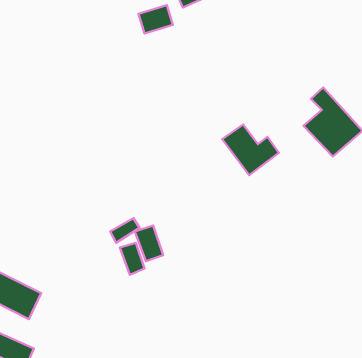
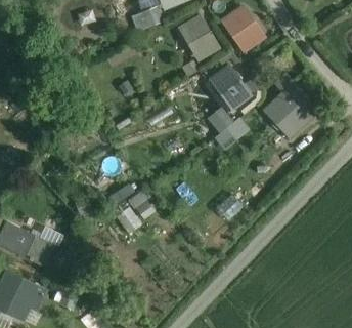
building: none -> [222,10,259,51]
building: none -> [184,15,218,57]
building: none -> [214,65,251,106]

